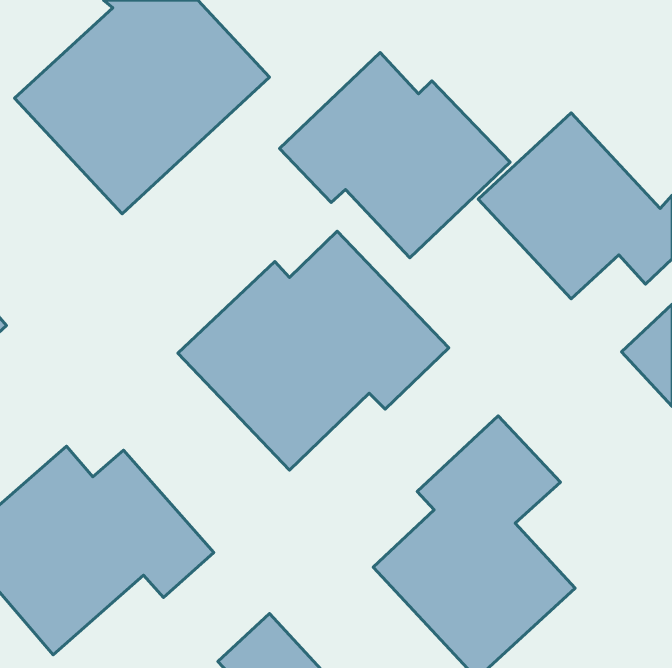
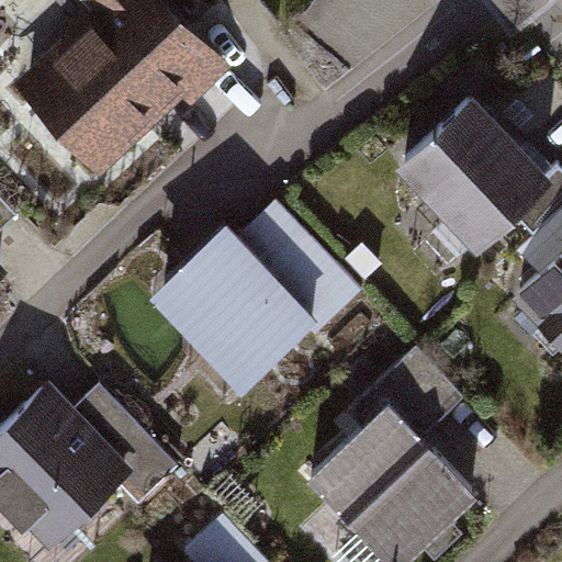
building: [280,53,510,258] -> none

